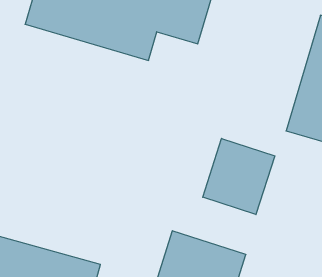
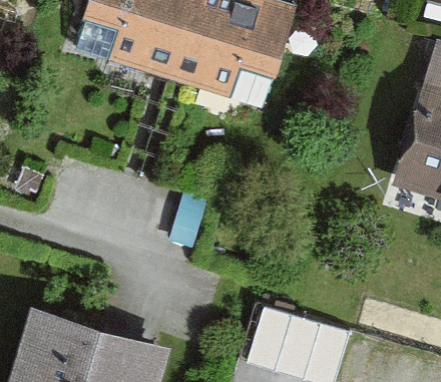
building: [203,138,275,215] -> none

